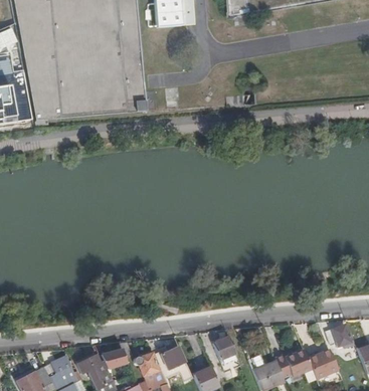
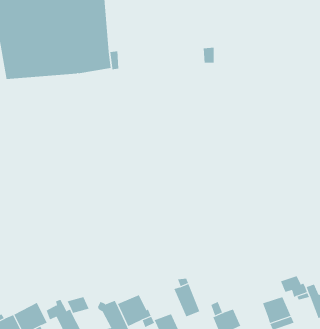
building: [274,349,311,378] -> none

